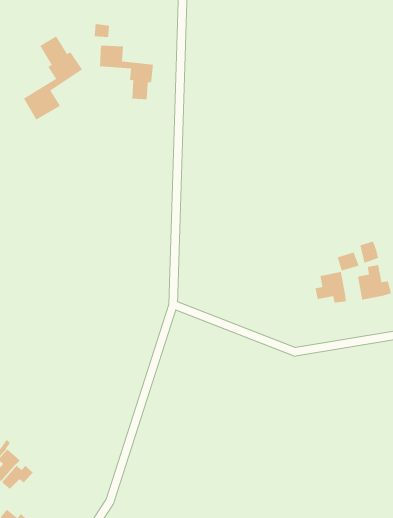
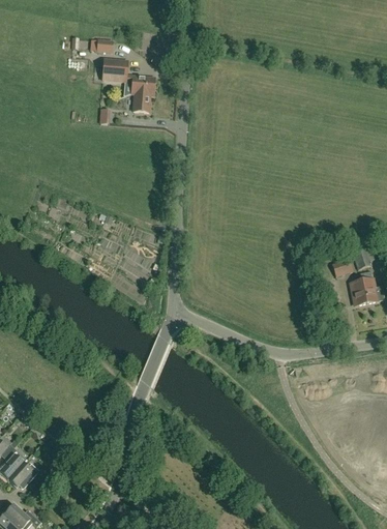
building: [23,35,83,121] -> none
building: [315,271,346,303] -> none

